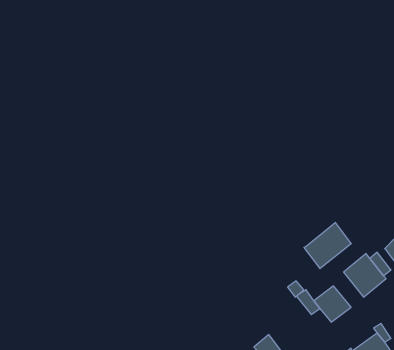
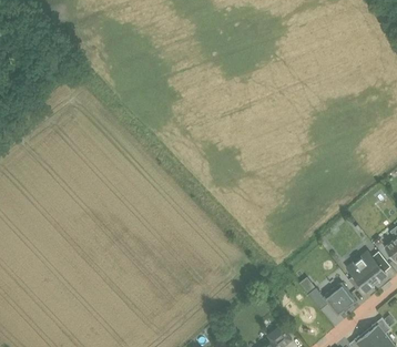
building: [304,222,351,269] -> none

